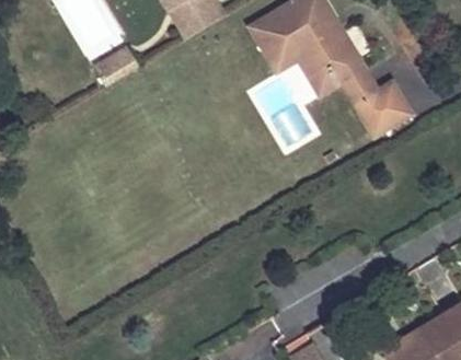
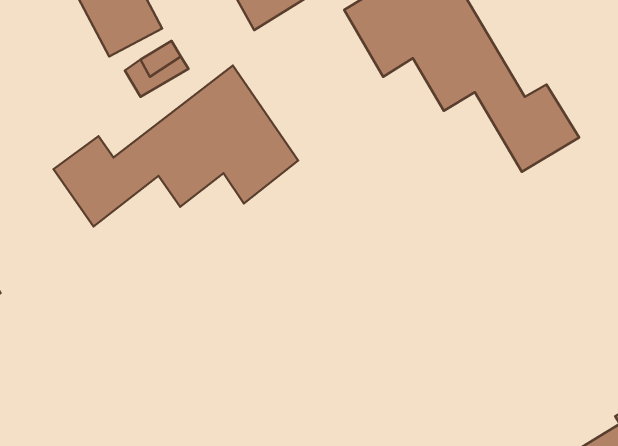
building: none -> [54,65,298,226]

